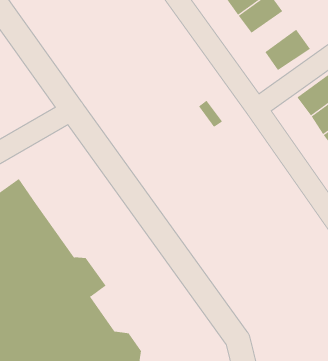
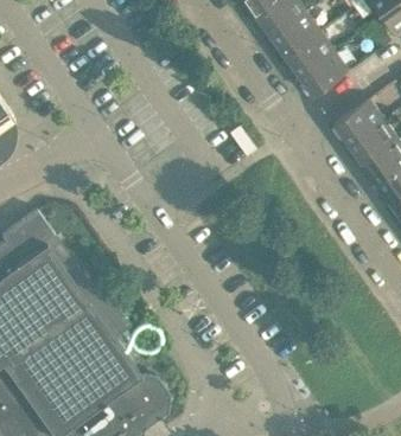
building: none -> [286,32,335,76]

